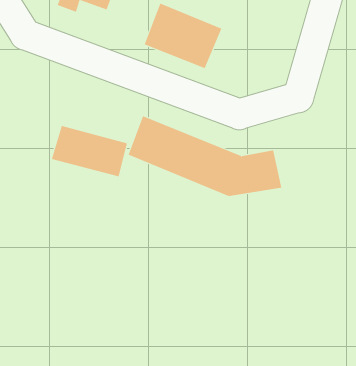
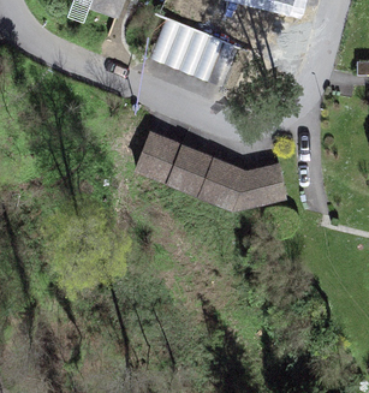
building: [51,125,127,177] -> none

